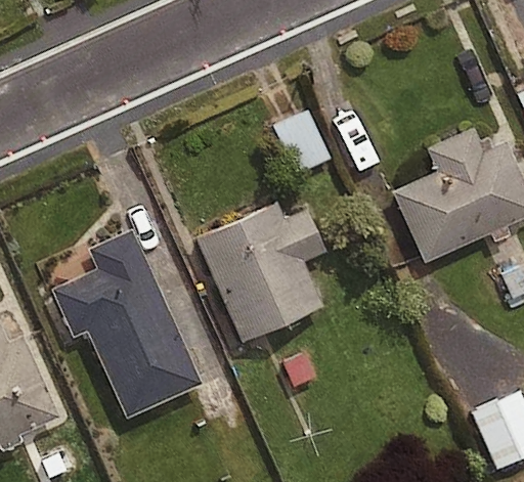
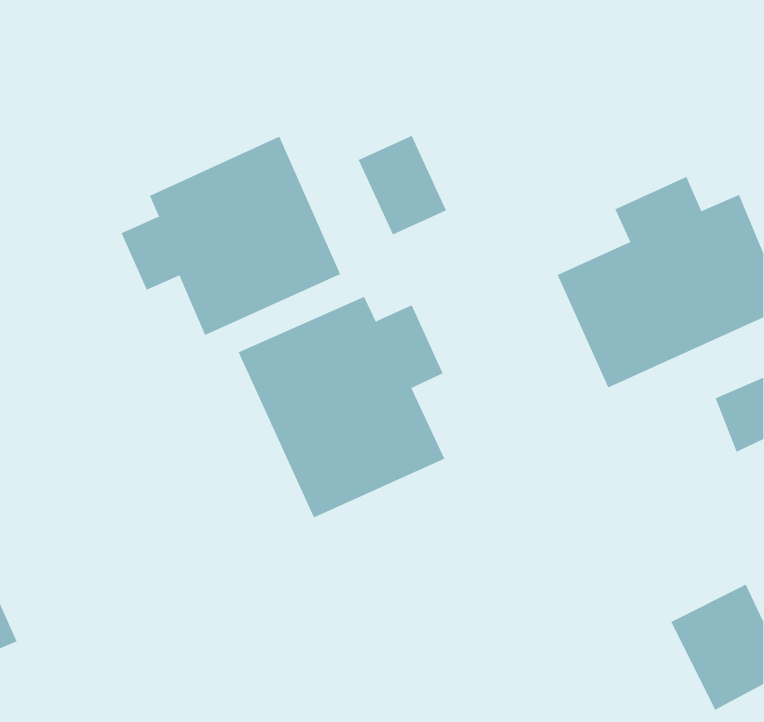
building: none -> [121,136,341,336]
building: [52,231,201,418] -> none

